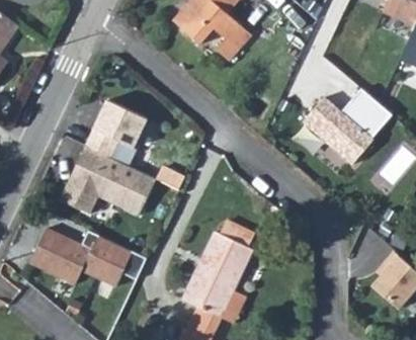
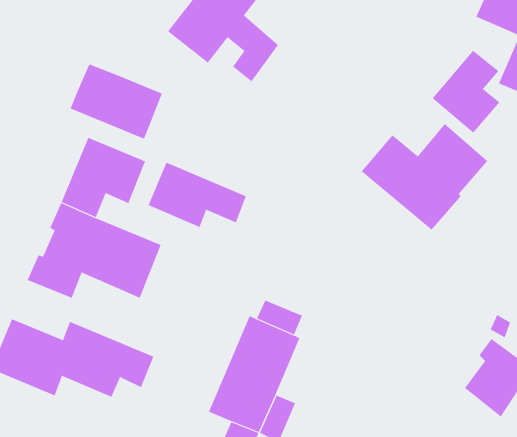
building: none -> [432,50,500,133]
building: none -> [70,63,163,140]
building: none -> [148,162,247,228]

